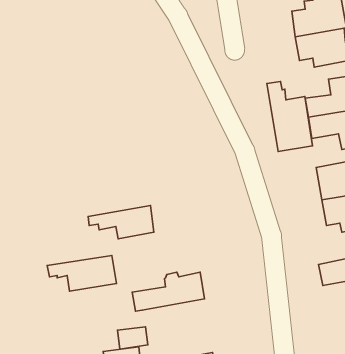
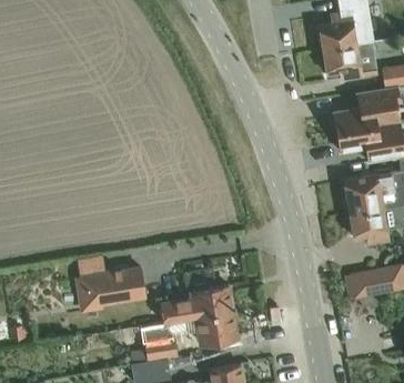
building: [267,82,312,151] -> none
building: [88,205,154,239] -> [170,311,235,344]

